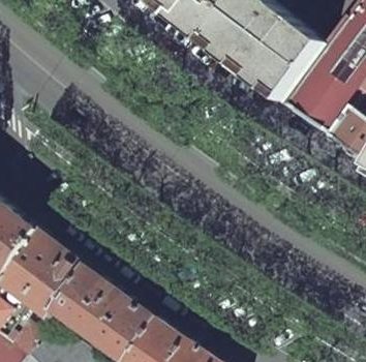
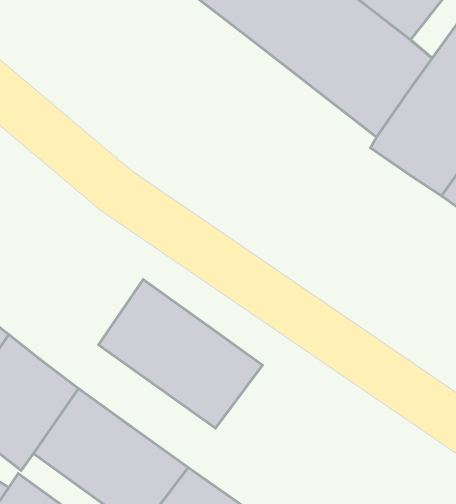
building: none -> [99,279,263,428]

